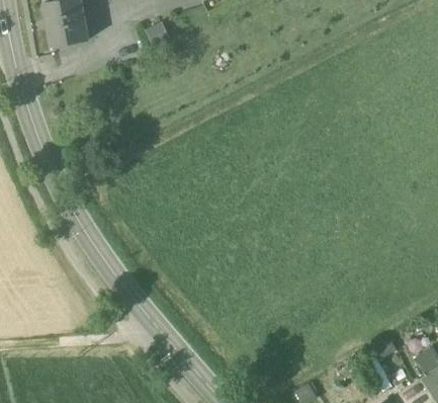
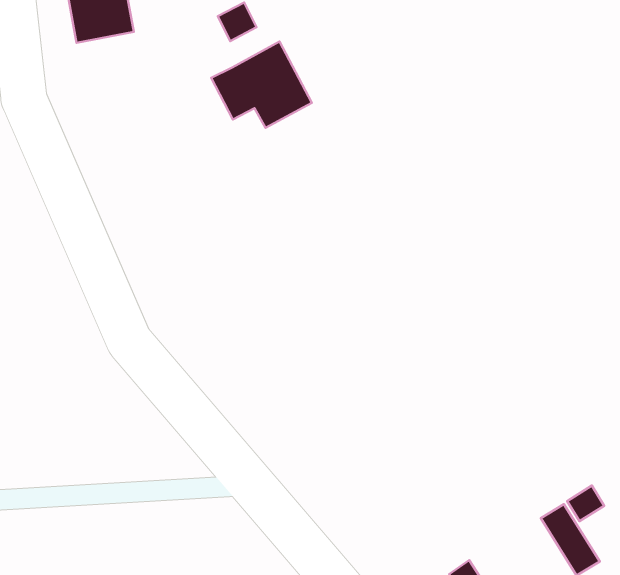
building: none -> [211,42,312,128]

